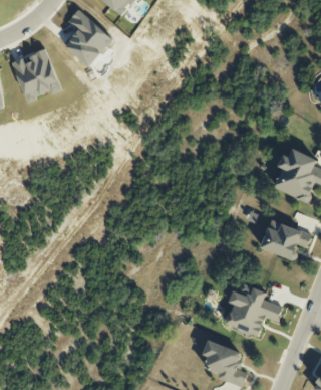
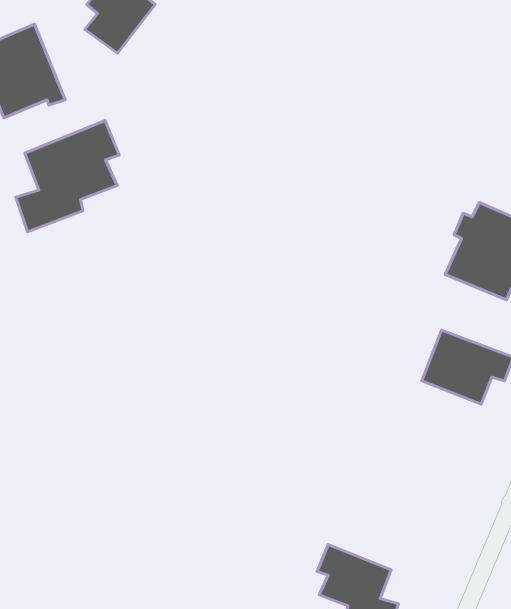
building: none -> [16,121,119,232]
building: [225,286,282,335] -> none

